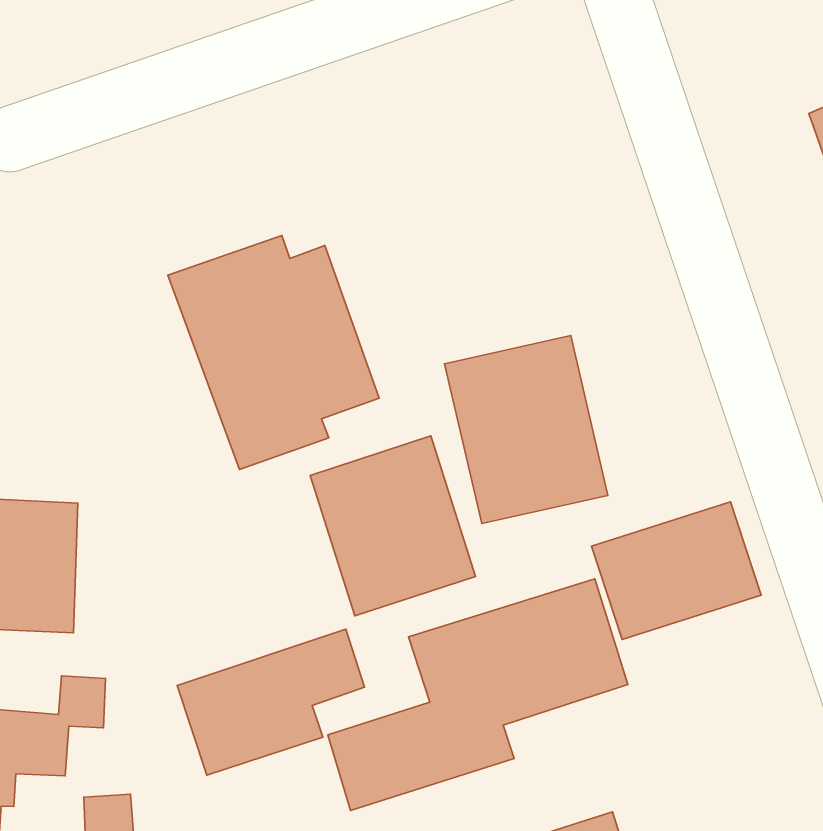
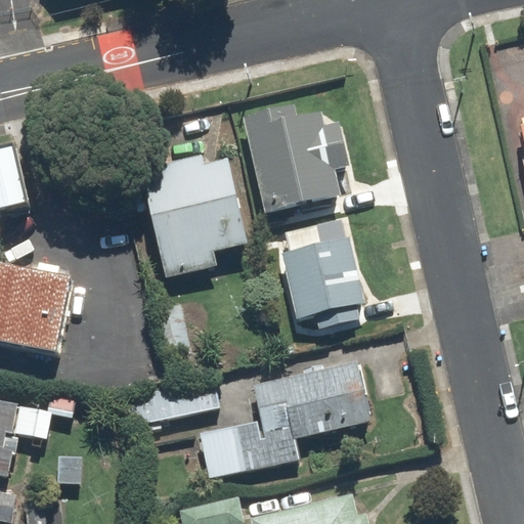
building: none -> [247,110,340,220]
building: [310,436,475,616] -> none
building: [591,502,761,639] -> none

